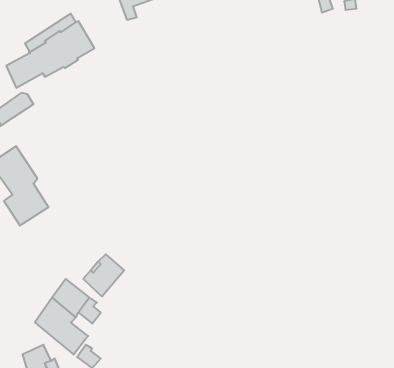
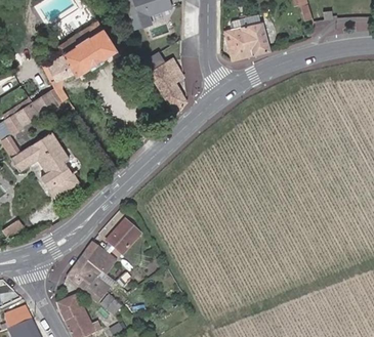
building: none -> [225,22,269,61]
building: none -> [150,57,186,114]

